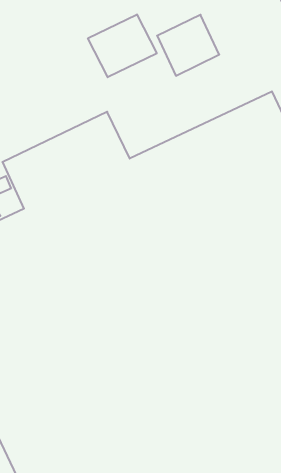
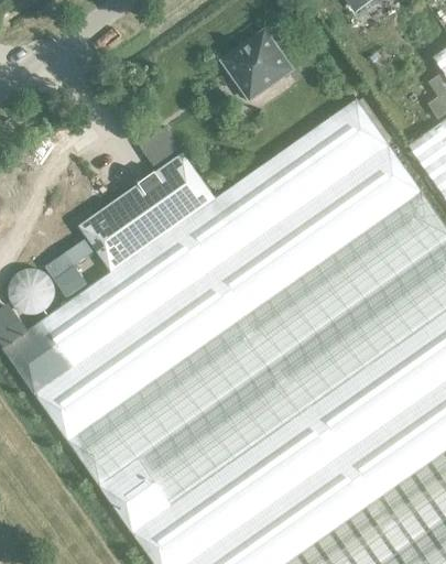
building: [88,14,157,77] -> none

